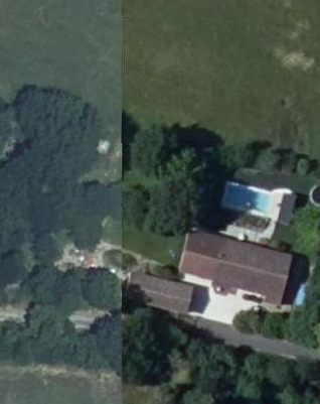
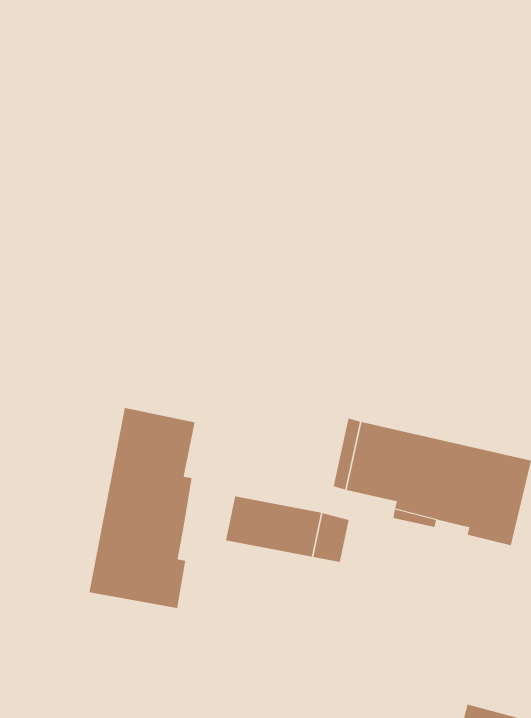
building: none -> [89,407,195,609]

